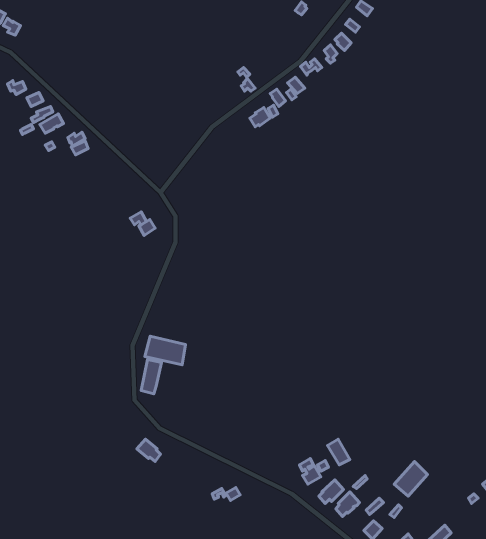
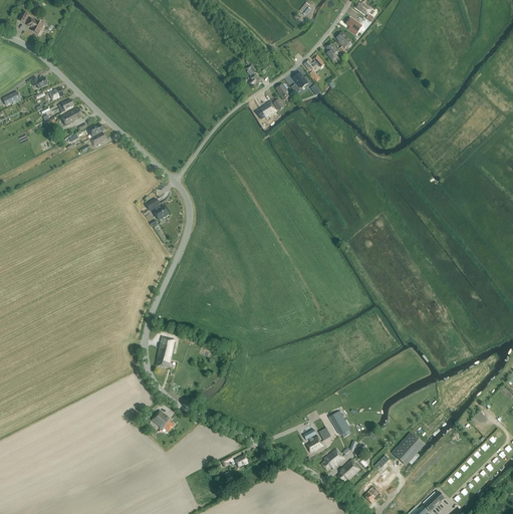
building: [145,336,186,365] -> none

